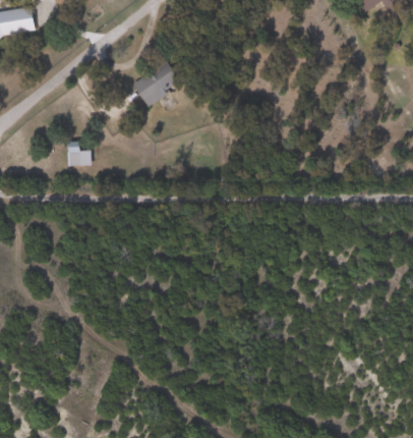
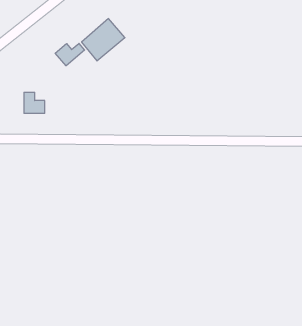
building: none -> [55,43,85,66]

